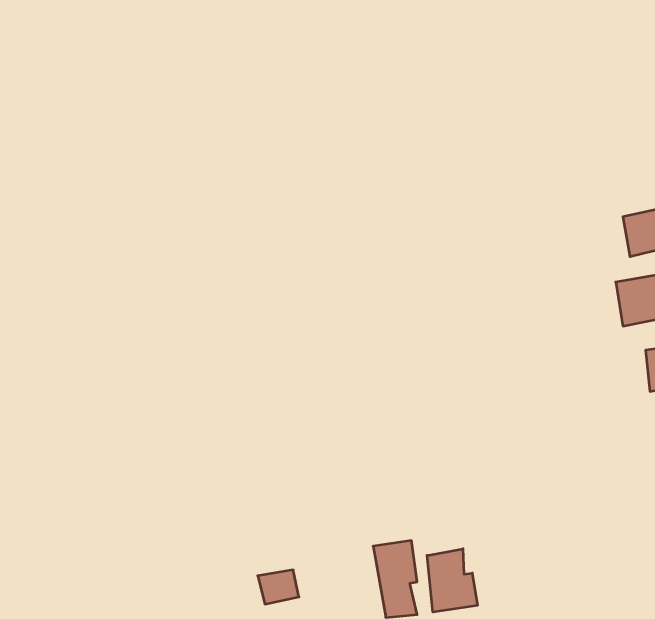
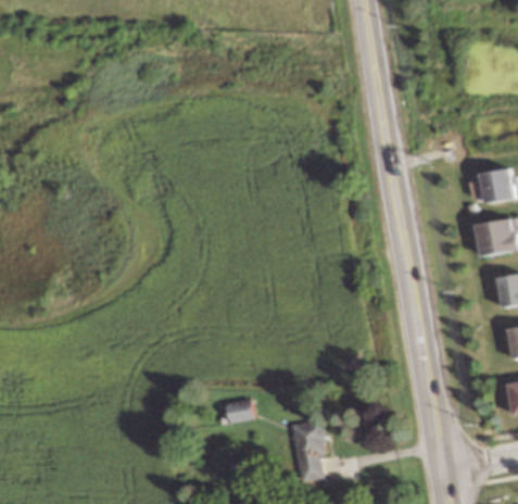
building: [427,549,477,612] -> none
building: [258,570,299,604] -> [223,399,254,425]

